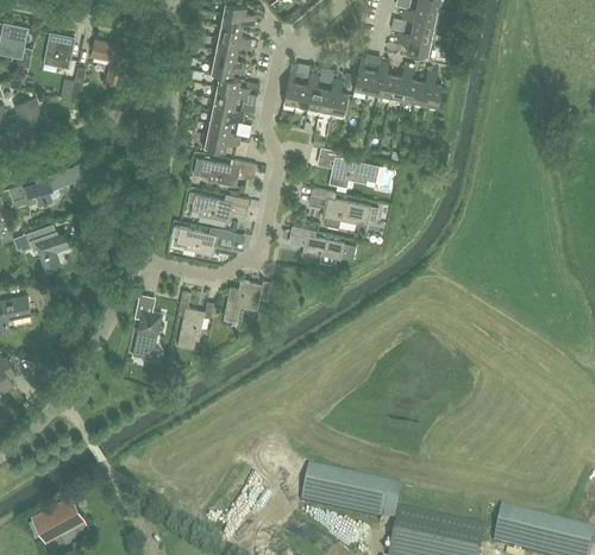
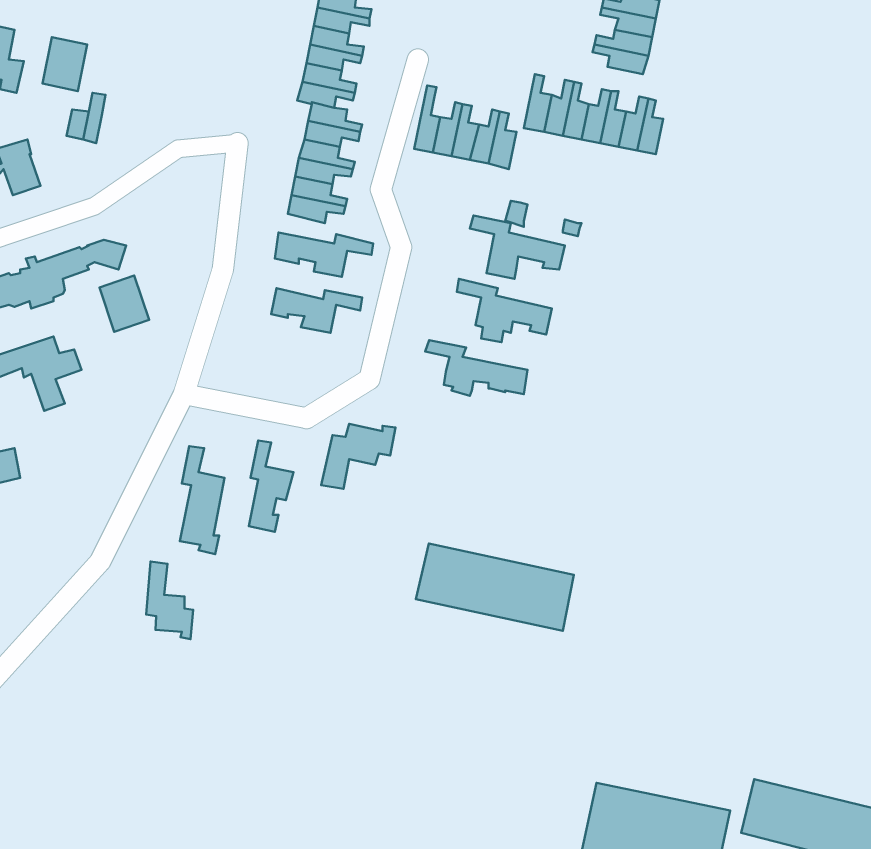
building: [92,39,130,88] -> none
building: none -> [99,276,149,332]
building: [175,226,233,254] -> none
building: none -> [146,562,193,639]
building: [300,465,401,521] -> [416,543,574,631]
building: [31,496,88,542] -> none

